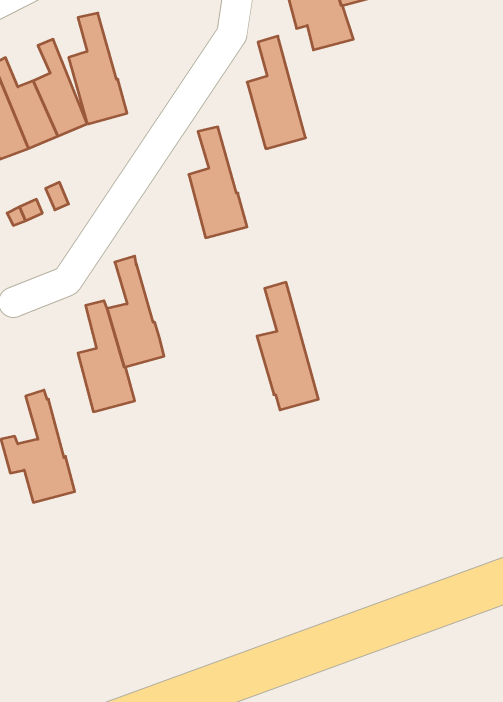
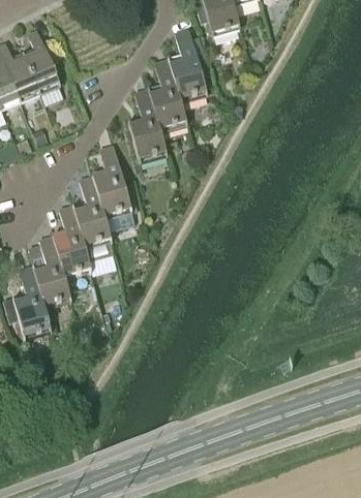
building: [69,13,127,124] -> [148,58,187,132]
building: [257,282,318,410] -> [93,144,134,229]
building: none -> [34,235,71,310]

